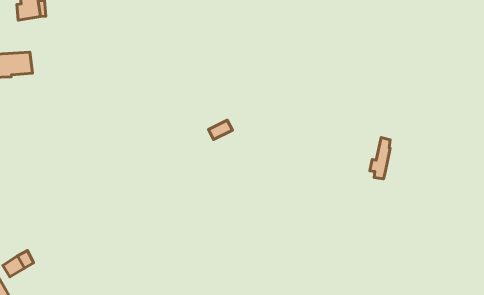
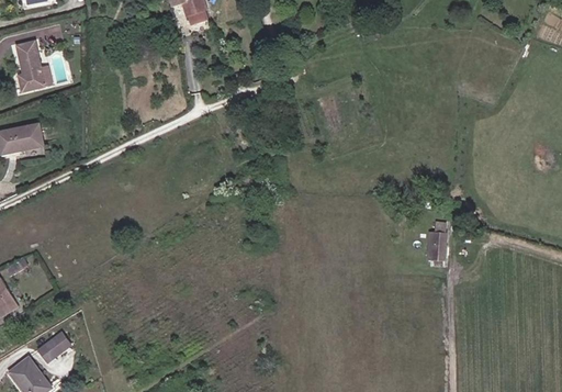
building: [370,138,390,179] -> [427,222,446,265]

